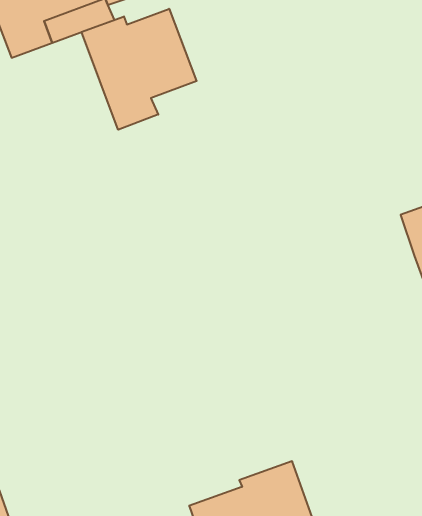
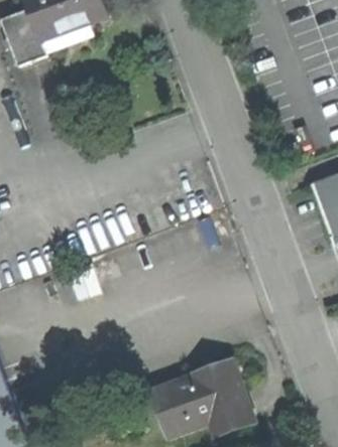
building: [82,9,197,130] -> none

